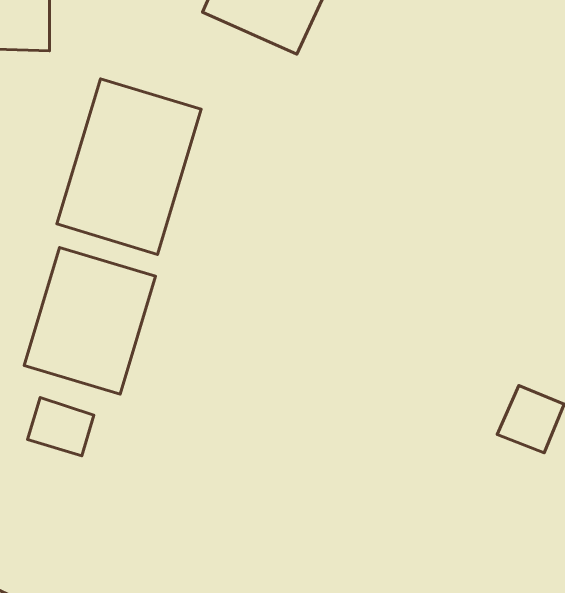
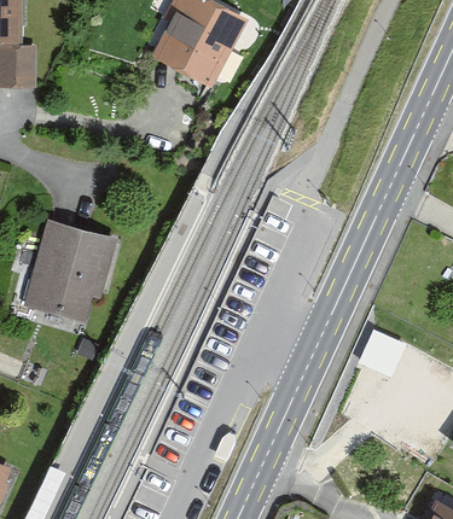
building: [57,79,201,254] -> none
building: [28,397,94,456] -> none

